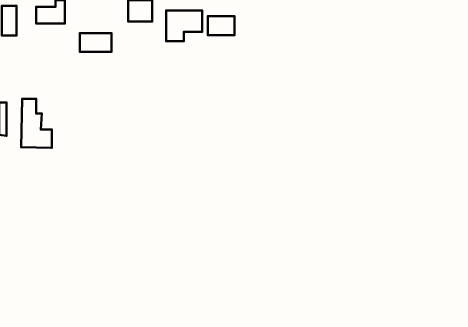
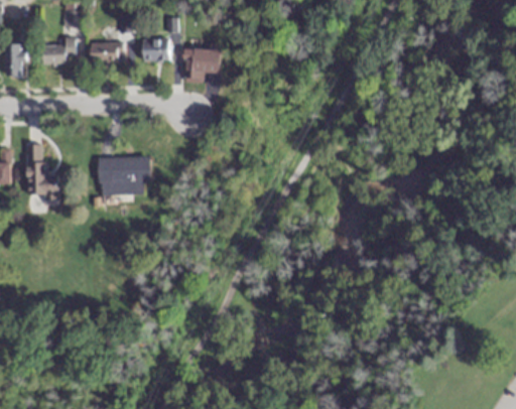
building: [208,16,235,35] -> none
building: [80,33,111,52] -> [91,41,125,61]
building: none -> [101,157,147,202]

